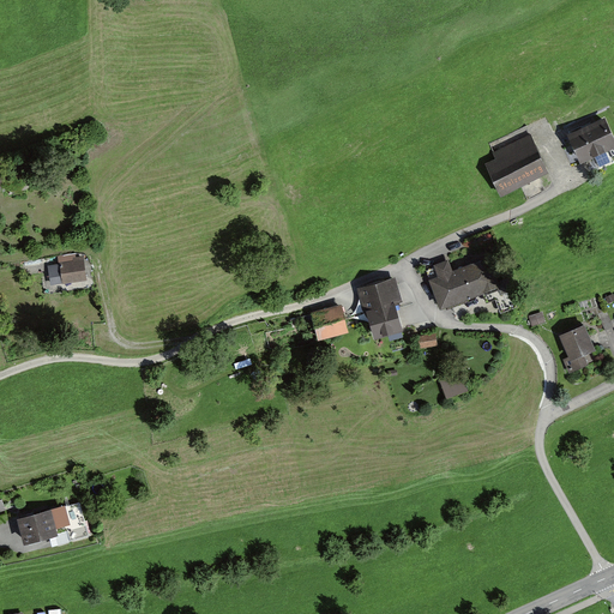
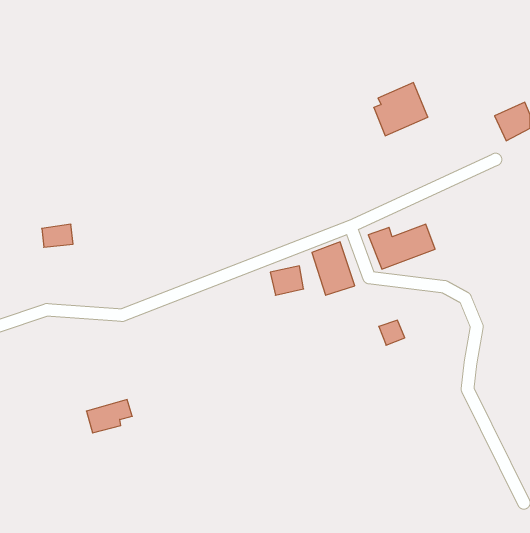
building: [486,134,548,195] -> [374,83,428,136]
building: [561,326,595,371] -> none
building: [17,505,70,543] -> [86,400,132,433]

